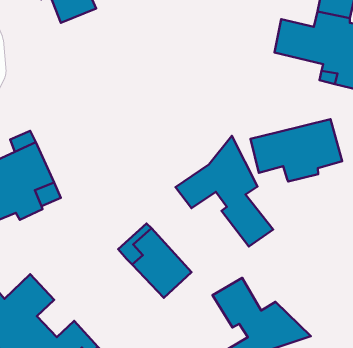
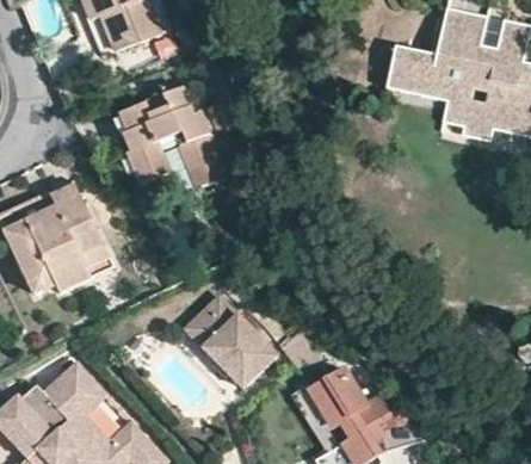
building: none -> [117,88,222,185]
building: [250,119,342,182] -> none
building: [175,136,273,247] -> none

